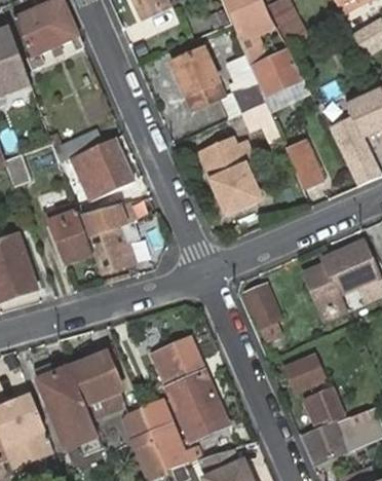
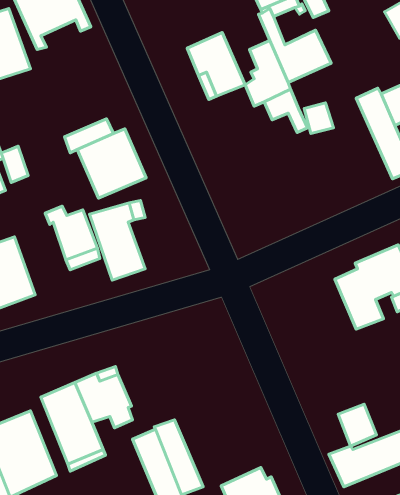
building: [200,138,260,212] -> none
building: [285,139,321,189] -> none
building: [252,285,283,341] -> none
building: [152,337,228,440] -> none
building: [284,353,324,390] -> none

